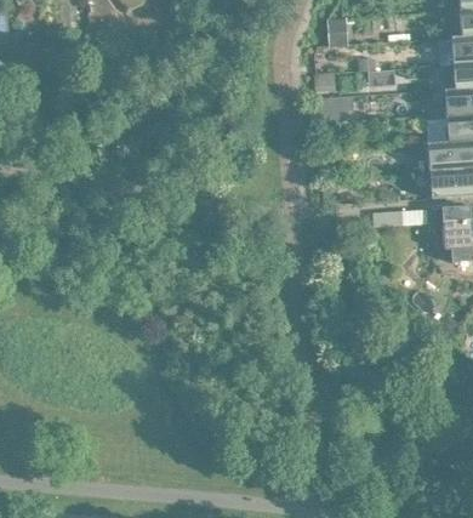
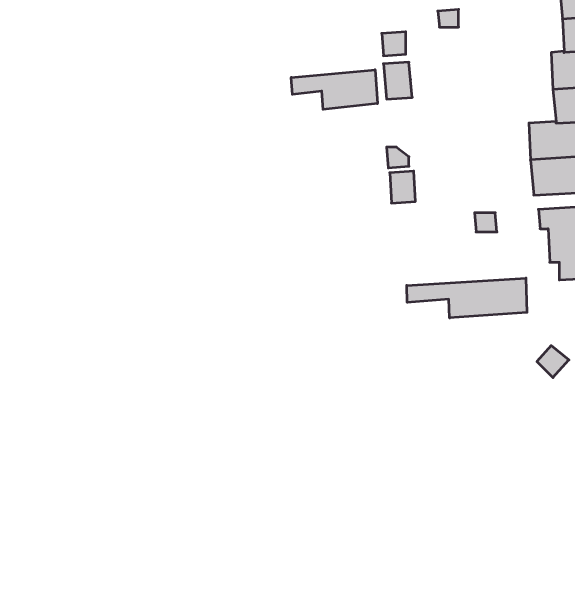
building: none -> [291,70,377,109]
building: none -> [407,278,527,318]

